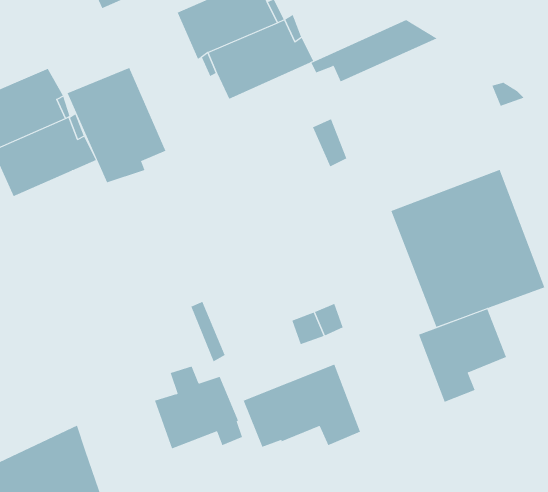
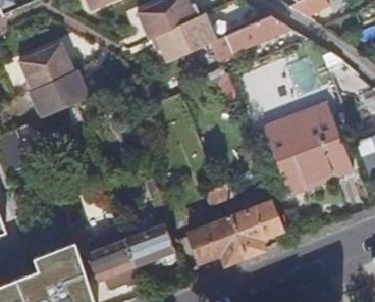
building: [67,67,166,183] -> none
building: [418,308,507,402] -> [230,202,282,257]
building: none -> [72,228,135,282]

